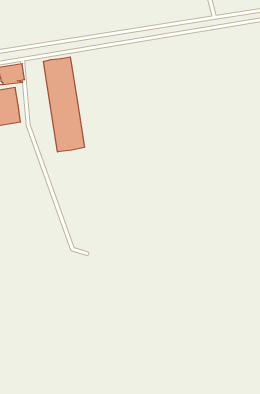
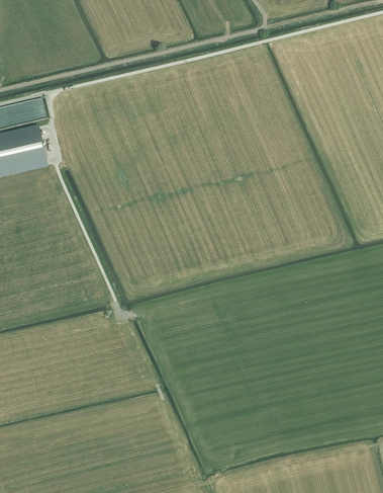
building: [43,57,84,152] -> none

